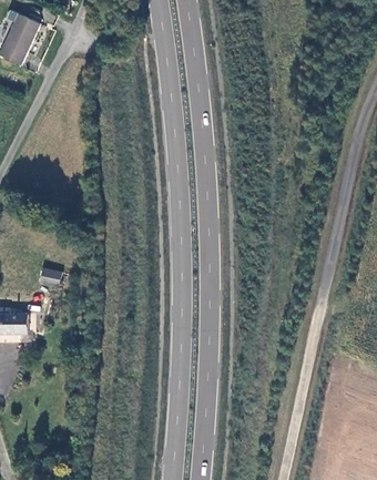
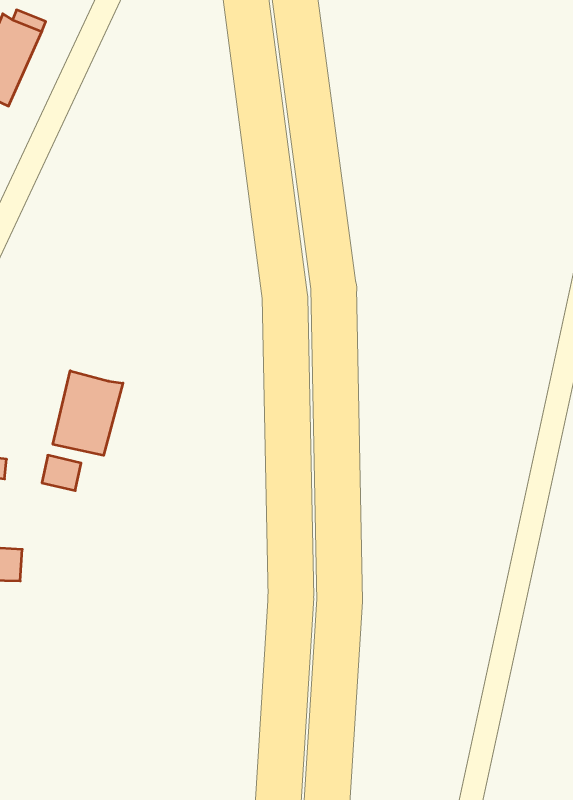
building: none -> [53,371,123,455]

